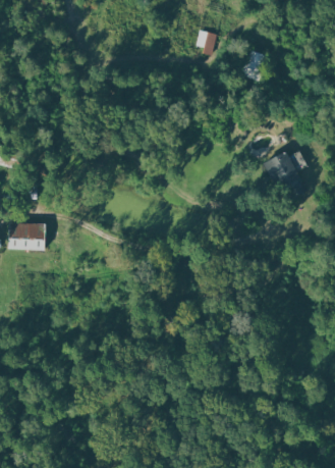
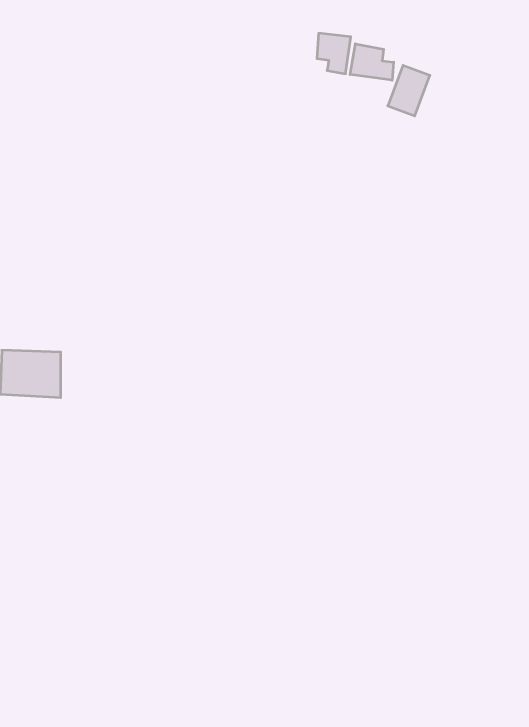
building: none -> [350,44,394,80]
building: [263,151,297,189] -> none

